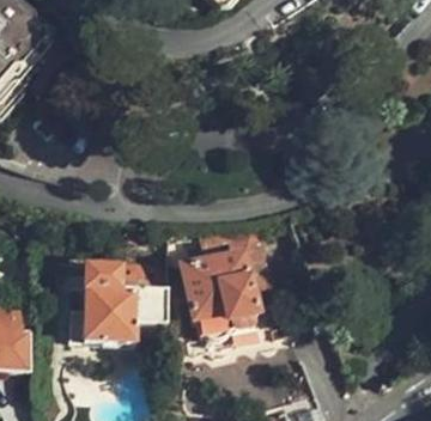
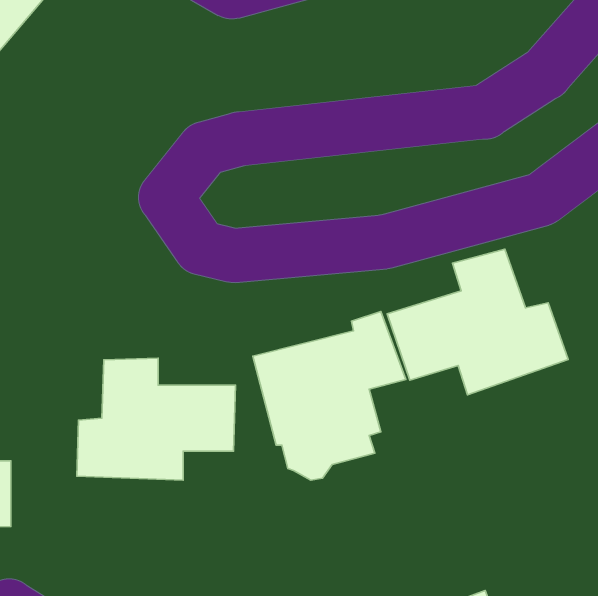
building: none -> [387,249,568,395]

